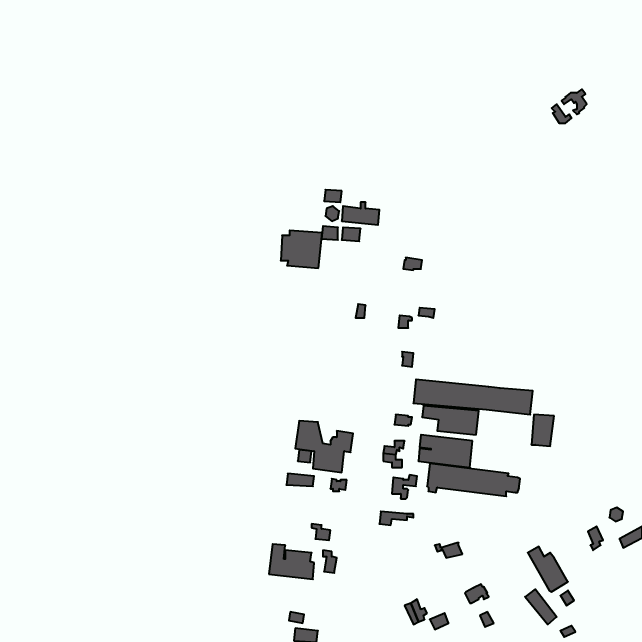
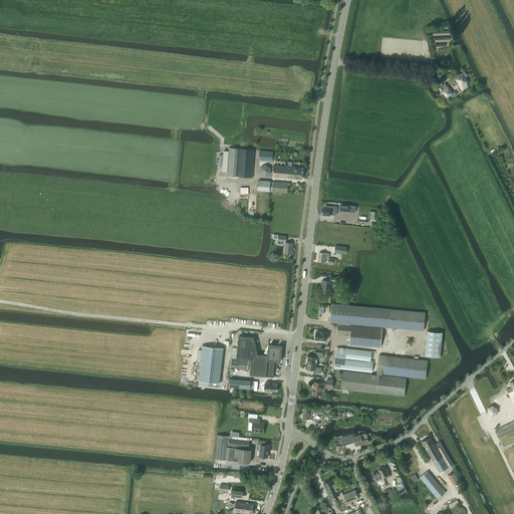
building: [281,230,322,268] -> [222,148,255,178]
building: none -> [197,346,224,383]
building: none -> [376,354,428,378]

